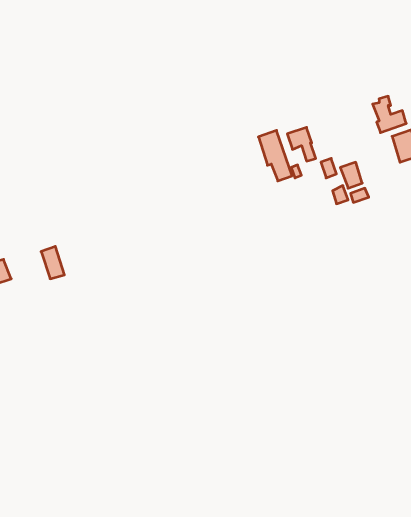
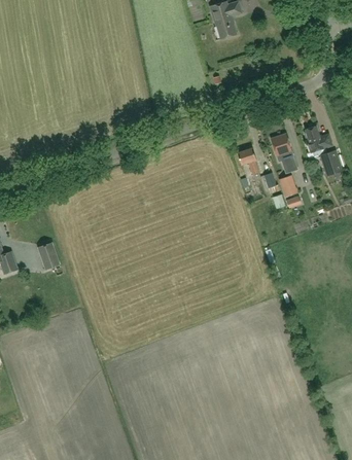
building: [258,130,292,181] -> [271,134,297,174]

